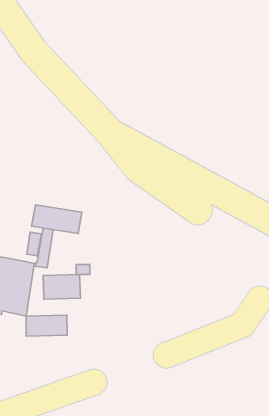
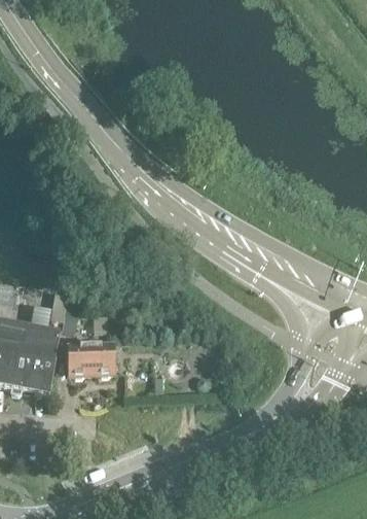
building: [32,205,82,233] -> none
building: [26,315,67,336] -> none

